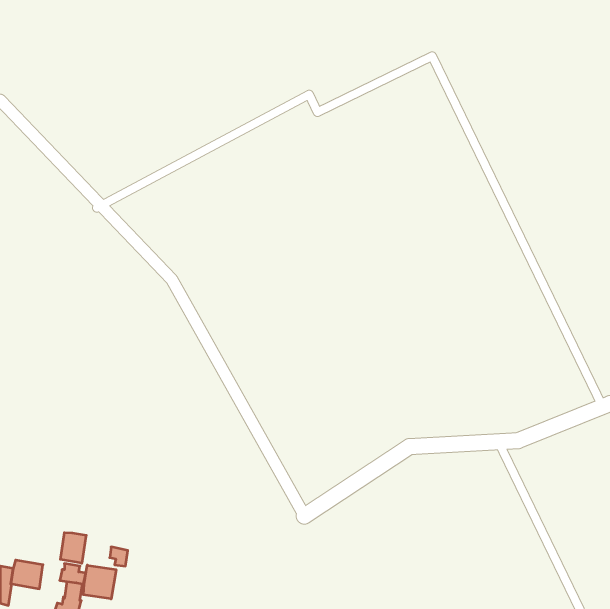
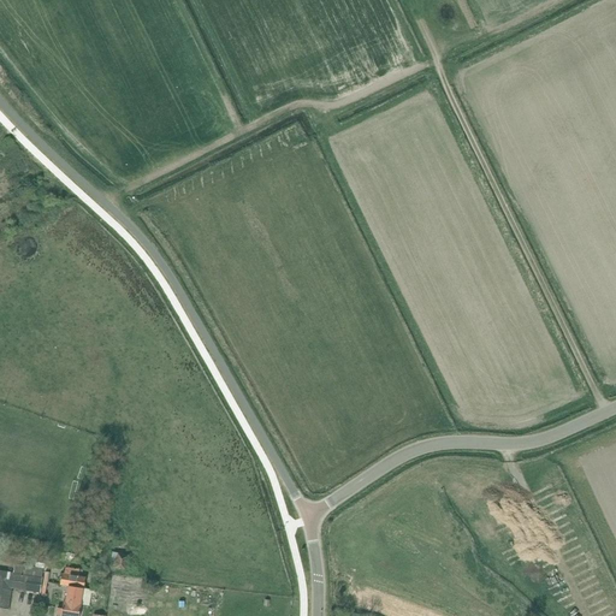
building: [60,533,86,563] -> none
building: [83,565,116,599] -> none

